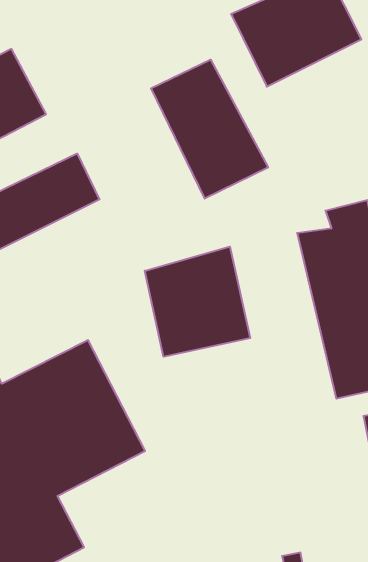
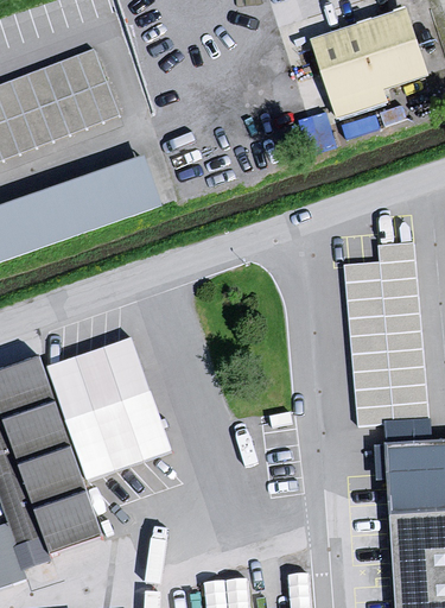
building: [151,60,268,199] -> none
building: [145,247,250,357] -> none

